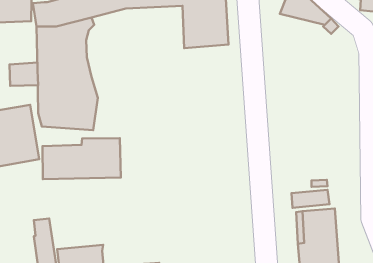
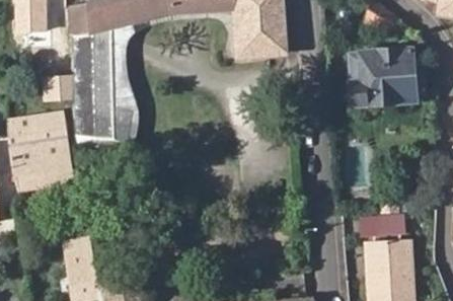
building: none -> [349,49,426,106]
building: [43,138,121,179] -> none

